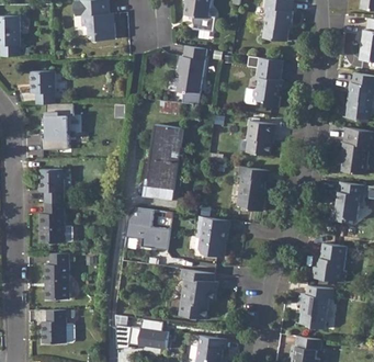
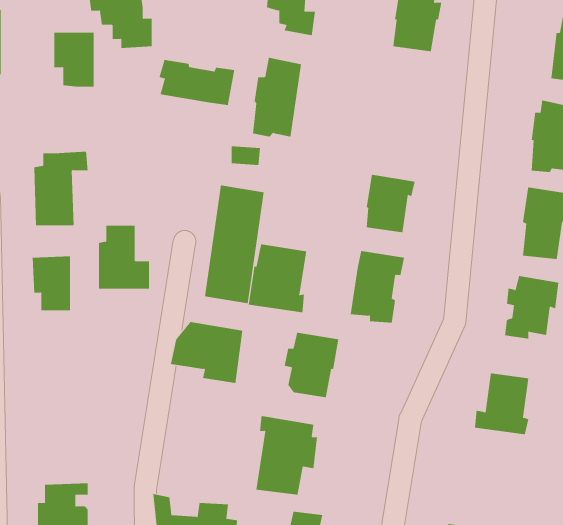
building: none -> [159,59,235,106]
building: [242,66,283,108] -> none
building: [31,71,56,105] -> [54,32,94,87]
building: none -> [248,244,307,313]
building: [41,203,72,242] -> [98,225,150,289]
building: [45,253,70,299] -> none
building: [297,283,333,328] -> none

